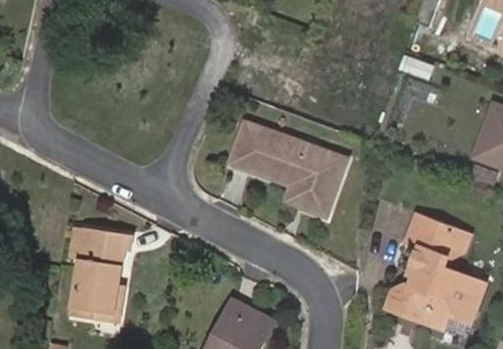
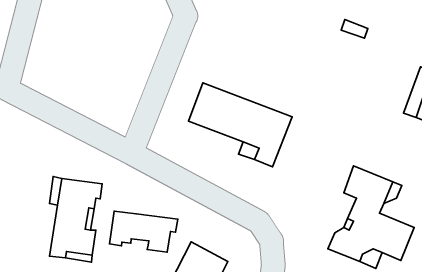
building: none -> [109,211,178,252]

